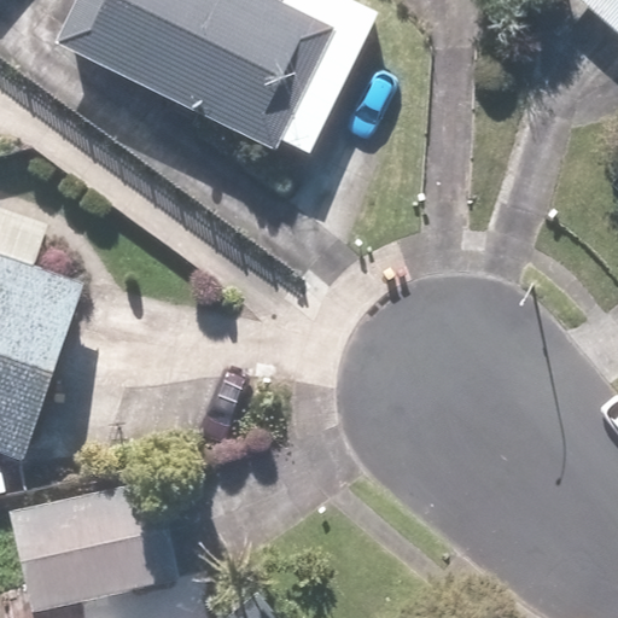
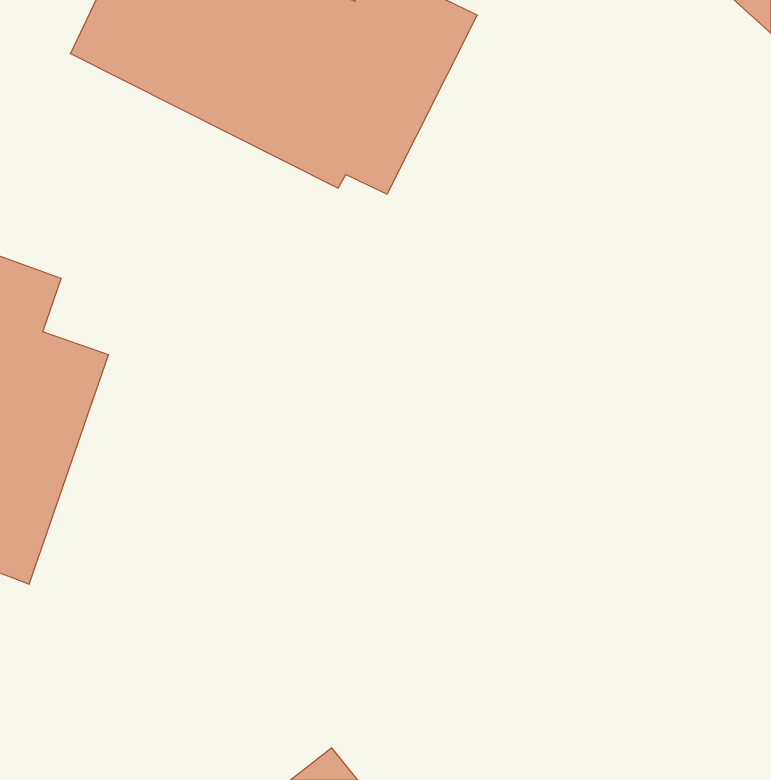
building: [12,503,175,610] -> none

